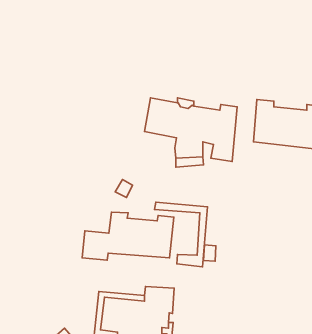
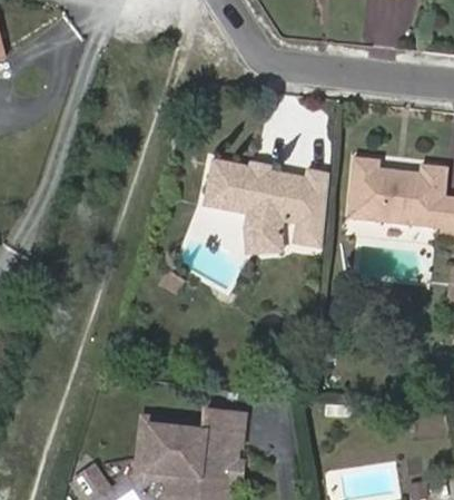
building: [155,202,207,267] -> none
building: [82,212,174,260] -> none

